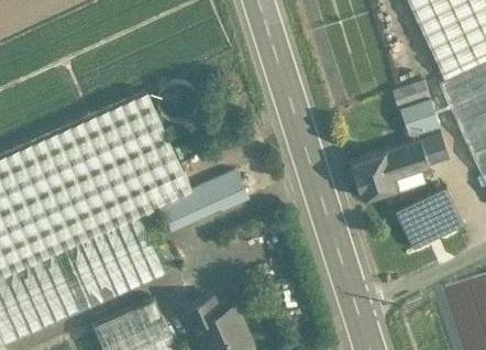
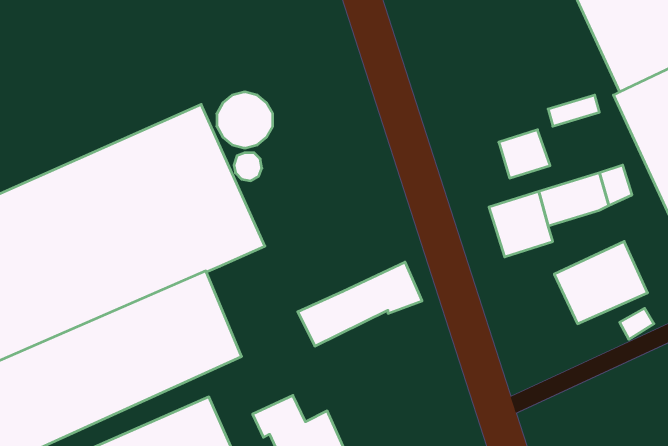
building: [404,100,440,134] -> [499,130,550,178]
building: [161,169,248,229] -> [298,262,422,346]

